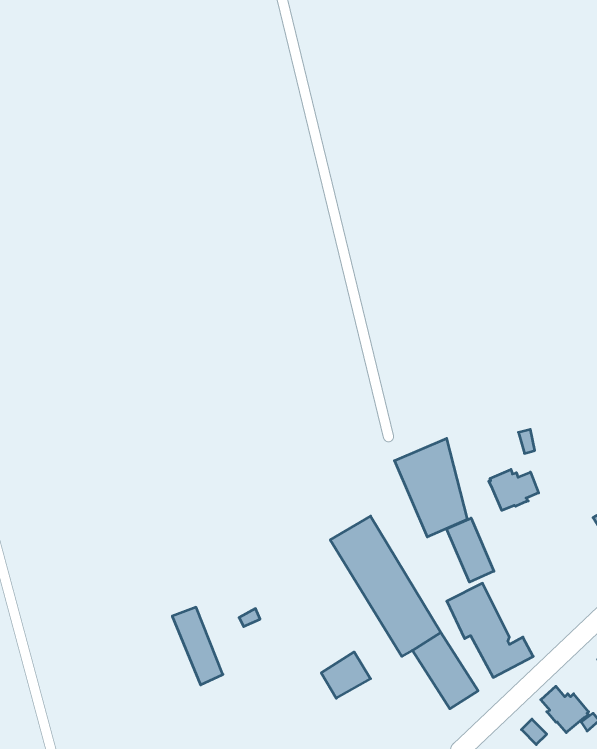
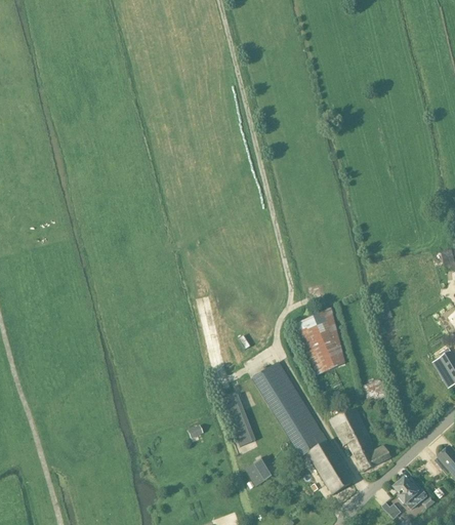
building: [489,469,539,510] -> none
building: [447,518,494,582] -> none
building: [172,607,223,685] -> [220,393,255,446]

